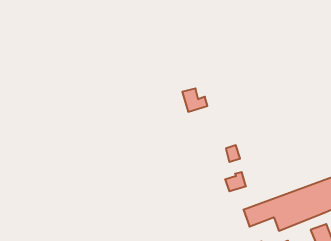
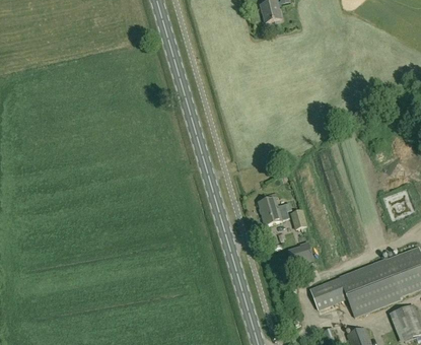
building: [182,88,207,112] -> [259,197,289,225]

